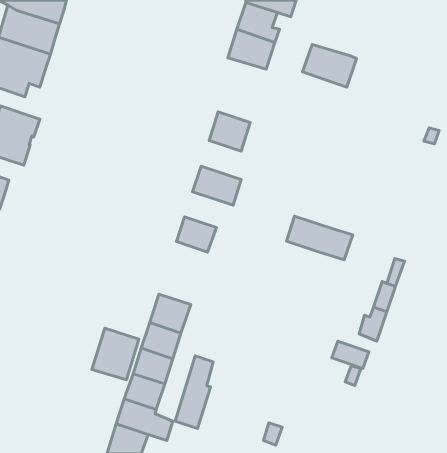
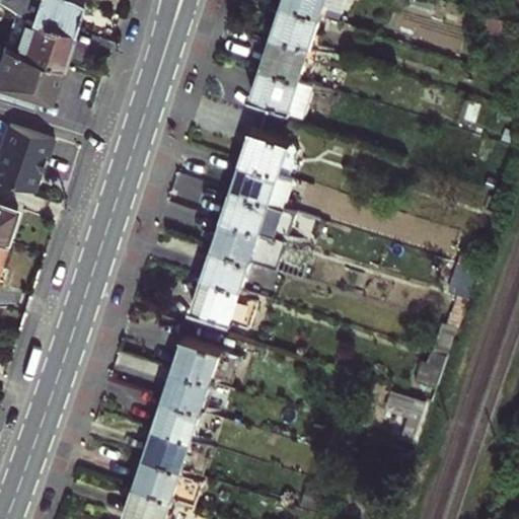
building: [303,44,357,87] -> [249,67,311,116]
building: none -> [230,161,289,207]
building: [286,216,353,260] -> [211,220,287,270]
building: none -> [191,277,253,328]
building: [92,328,139,380] -> none
building: [175,356,213,429] -> none

